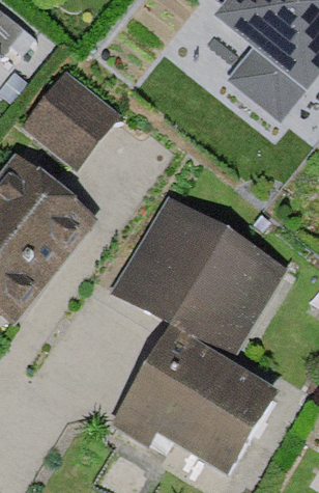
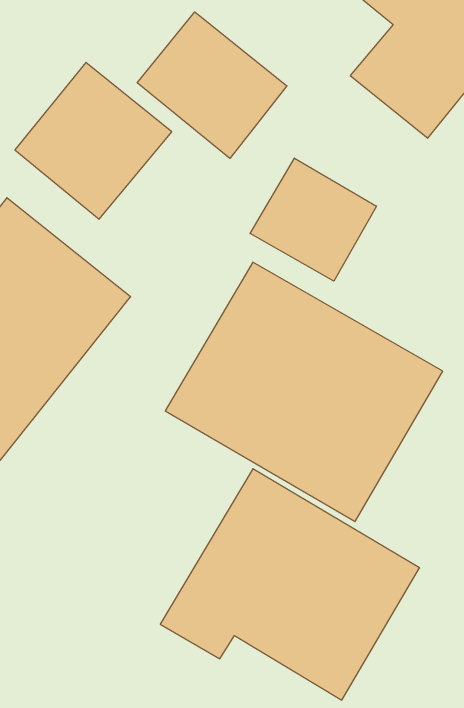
building: none -> [137,12,287,158]
building: none -> [250,158,377,281]

